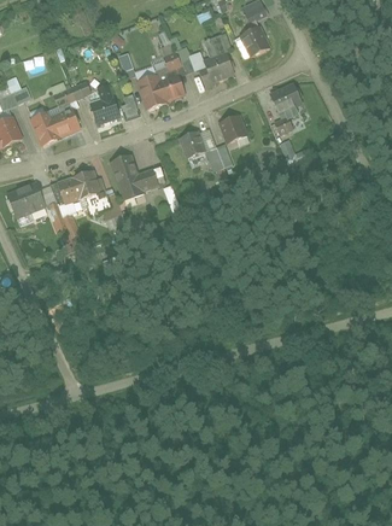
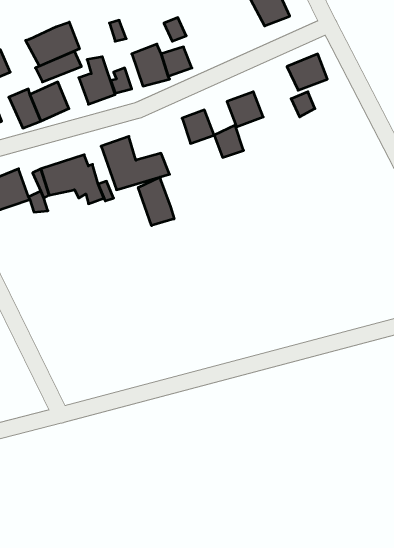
building: [197,49,236,87] -> none
building: none -> [26,22,79,66]
building: none -> [138,177,174,226]

